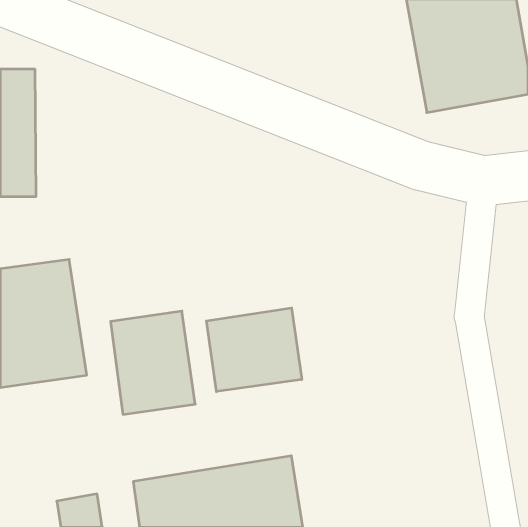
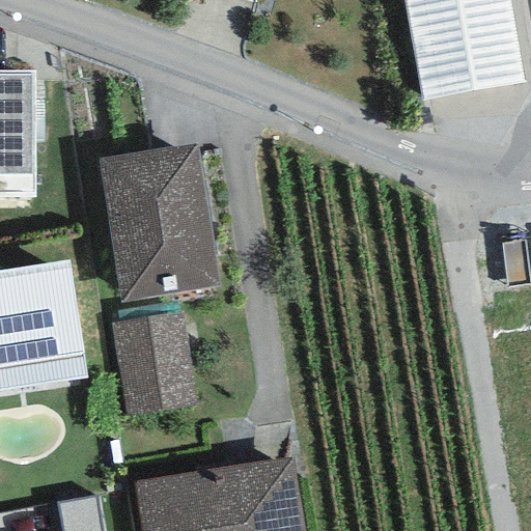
building: none -> [99,143,219,303]
building: [206,308,302,392] -> none

